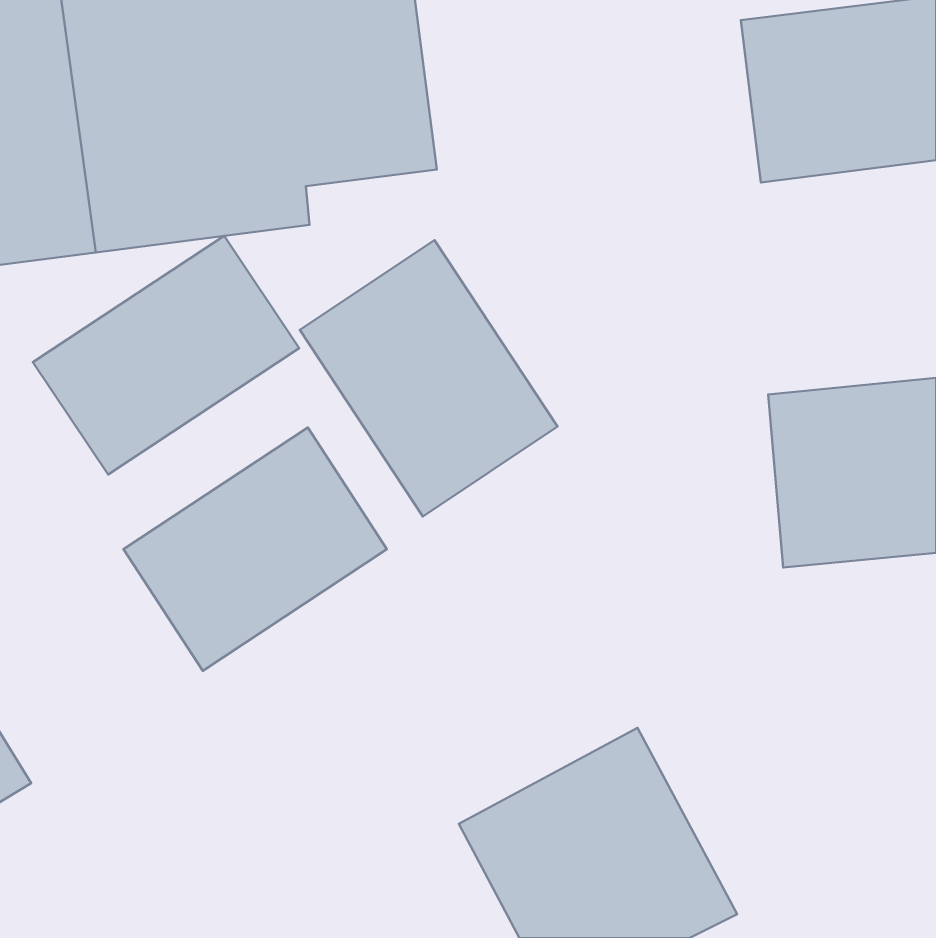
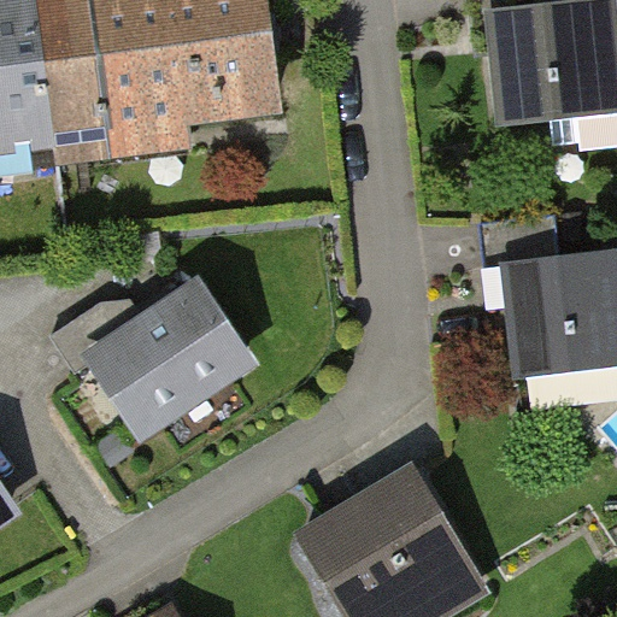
building: [33,236,299,475] -> none
building: [300,240,557,516] -> none

